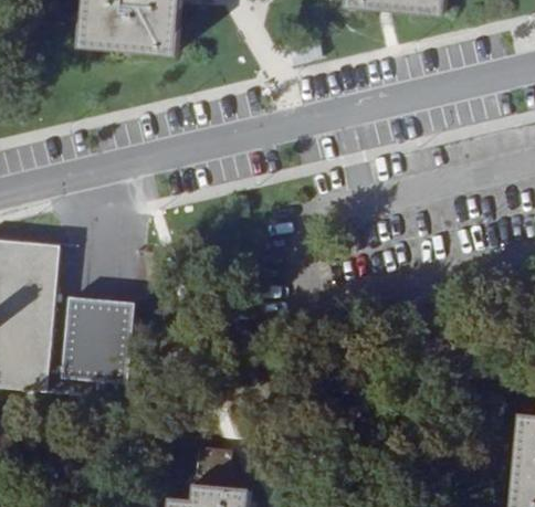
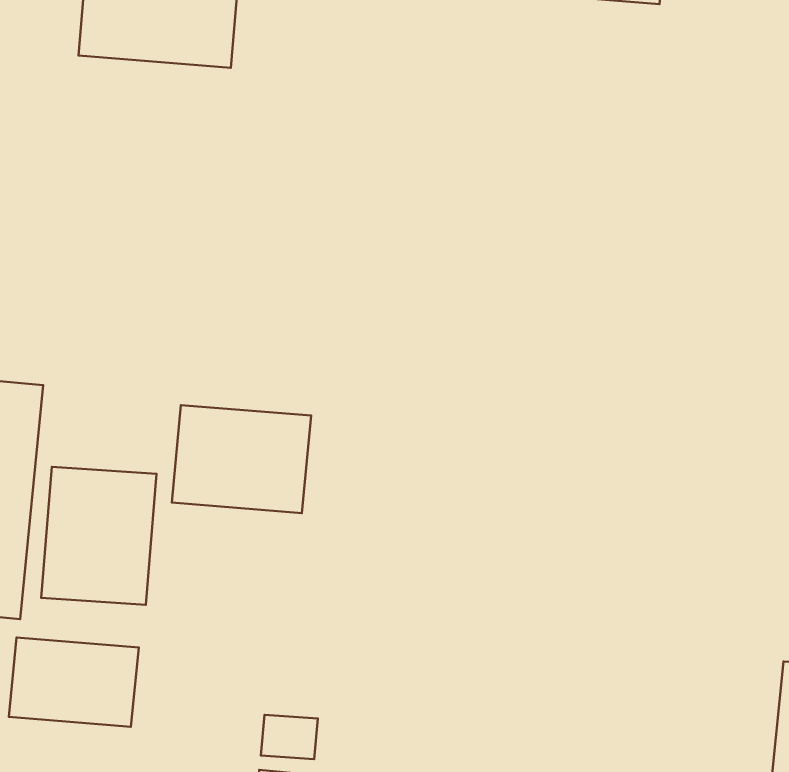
building: none -> [172,405,311,513]
building: none -> [9,637,139,727]

